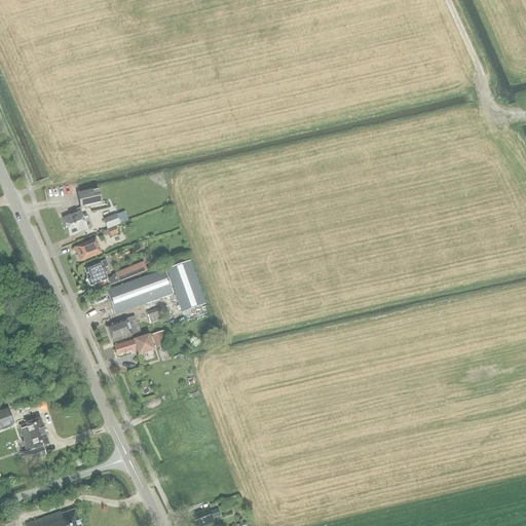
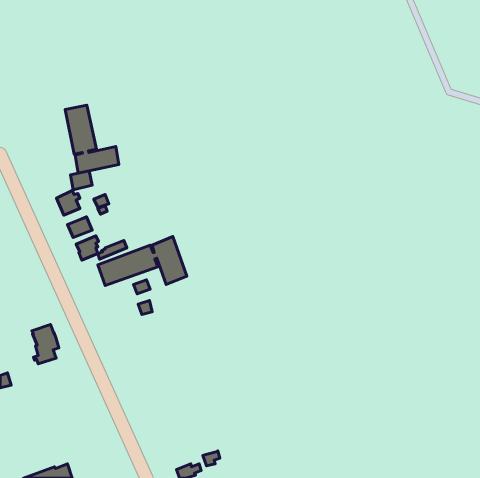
building: none -> [65,105,119,173]
building: [106,314,140,341] -> none
building: [113,334,153,354] -> none
building: [18,417,48,460] -> [32,324,59,364]

